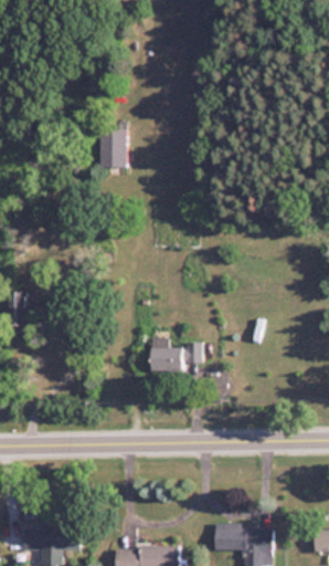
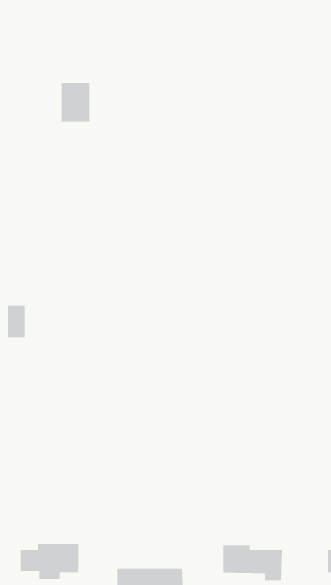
building: [99,130,127,168] -> [61,83,90,122]
building: [151,338,203,373] -> none

